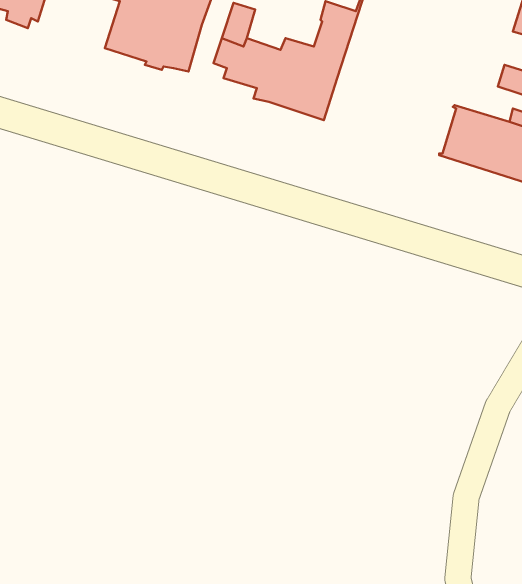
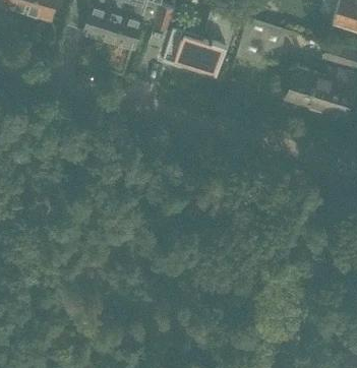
building: none -> [237,18,287,65]

